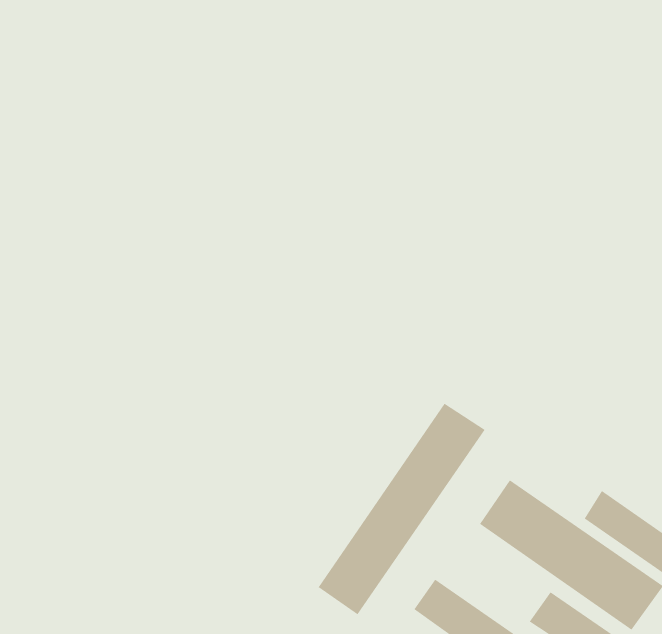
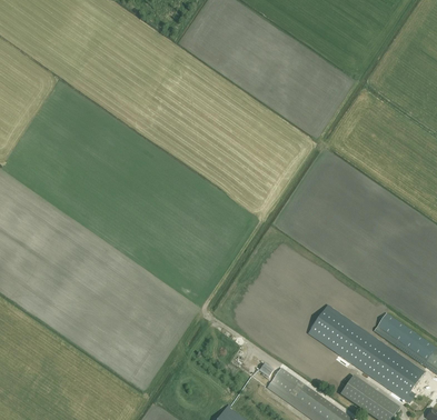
building: [318,403,486,615] -> none

